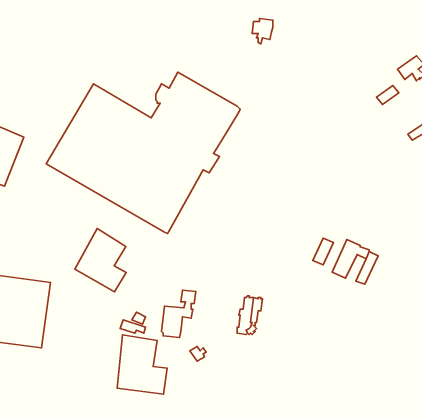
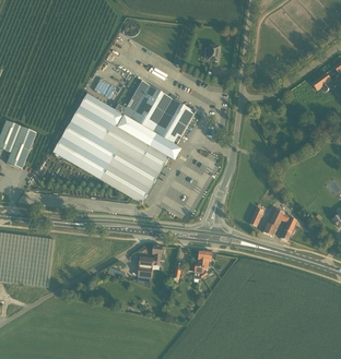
building: [75,228,126,292] -> none
building: [117,335,167,394] -> none

